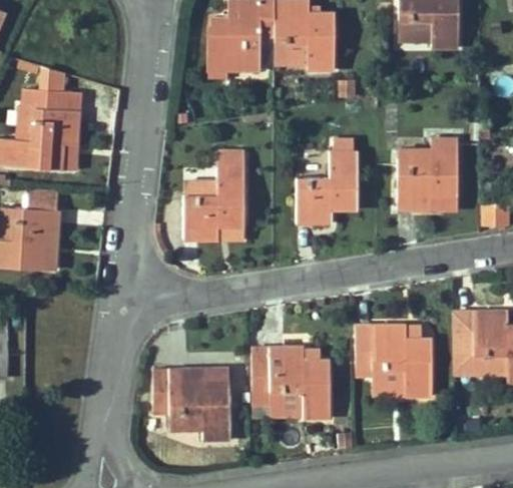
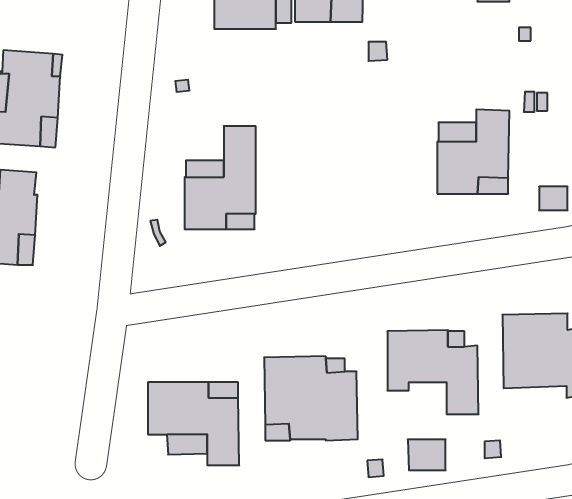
building: [297,128,358,222] -> none
building: [374,369,406,395] -> [408,439,446,470]

